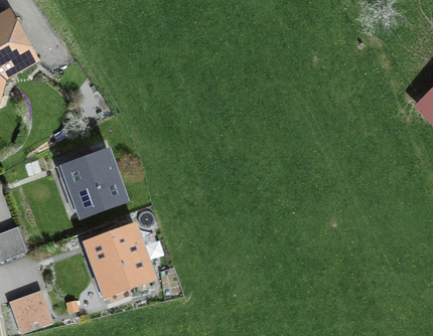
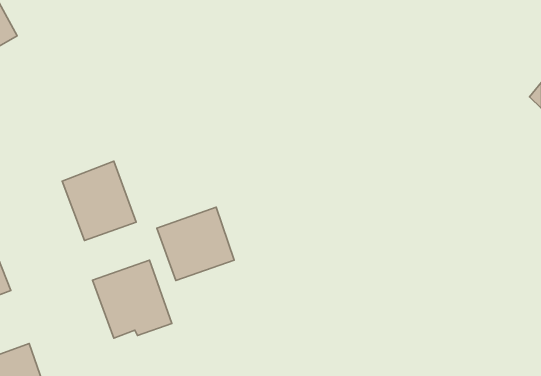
building: none -> [157,207,234,280]

